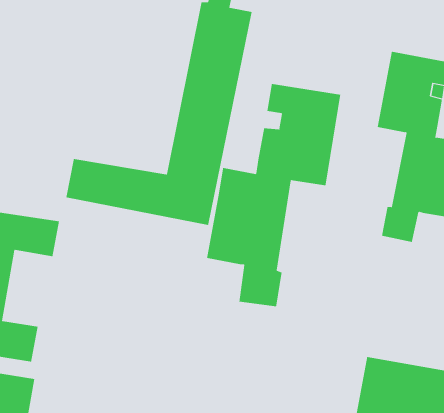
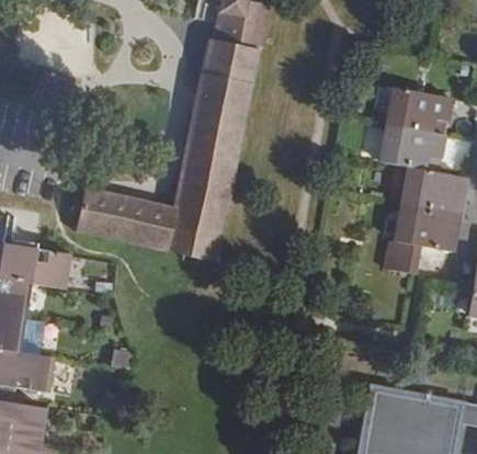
building: [207,83,341,307] -> none

